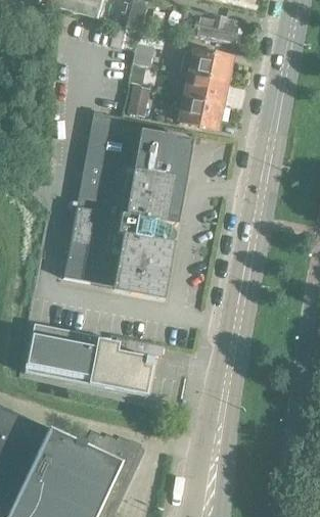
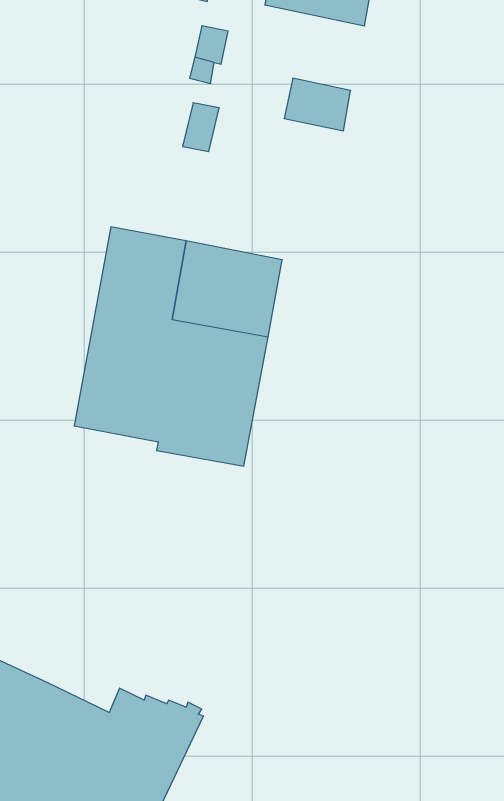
building: [179,49,227,80] -> none
building: [179,96,220,126] -> none
building: [84,111,191,179] -> none
building: [24,324,150,394] -> none

